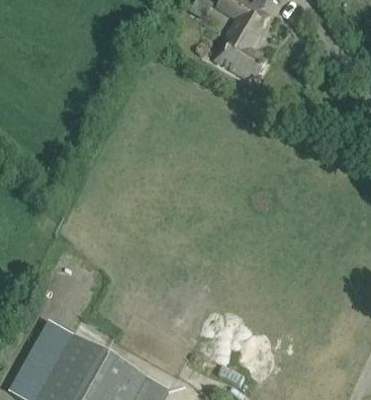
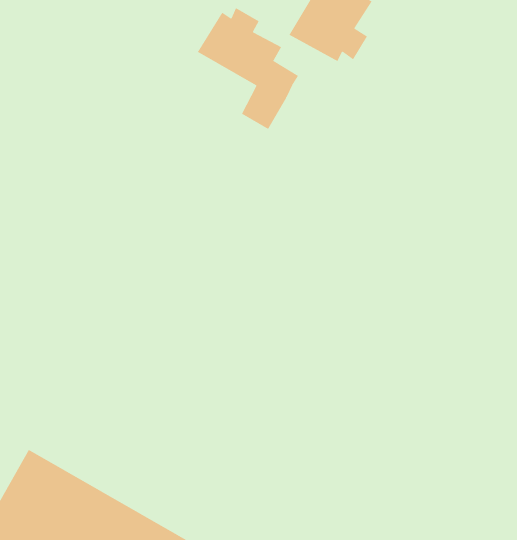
building: none -> [197,7,299,130]

